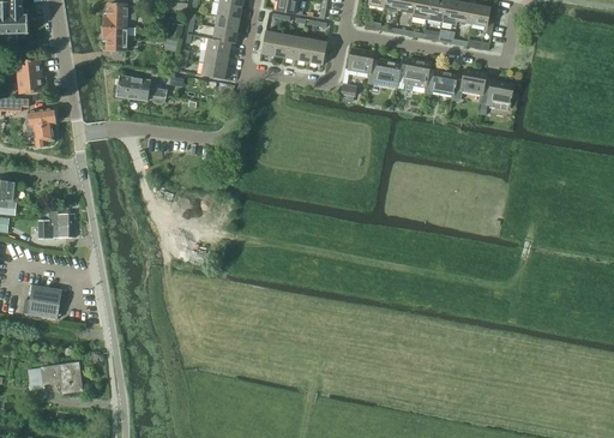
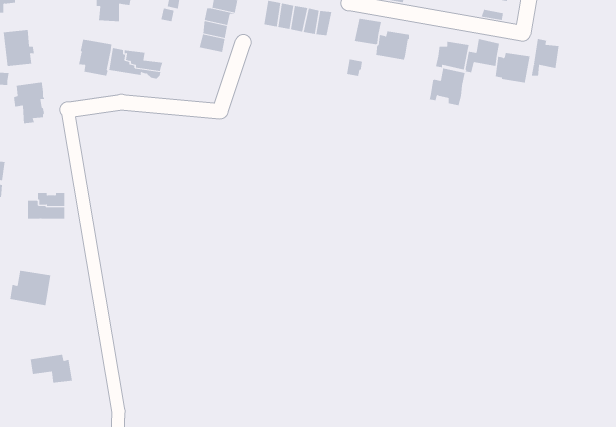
building: [395,56,429,92] -> [429,68,466,106]
building: none -> [531,38,559,77]
building: none -> [78,39,112,76]

